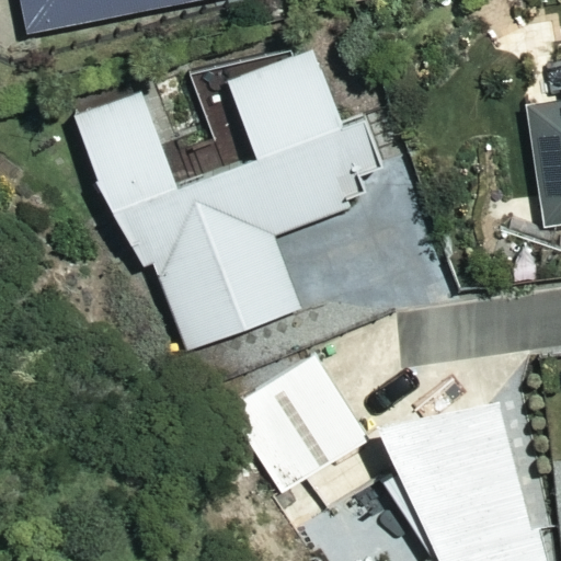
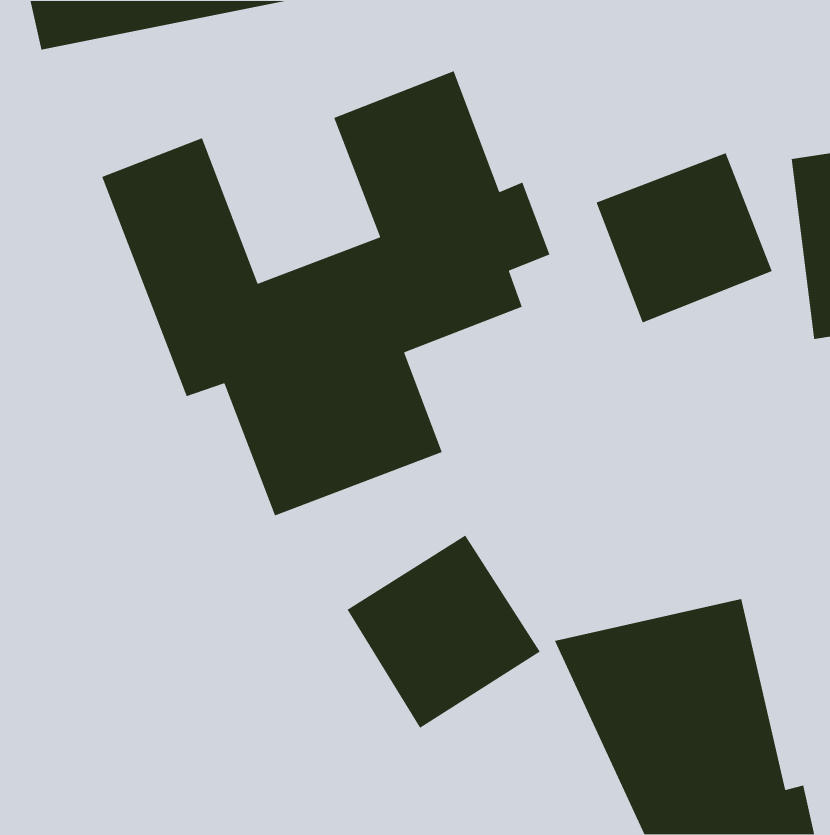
building: none -> [595,152,773,324]

